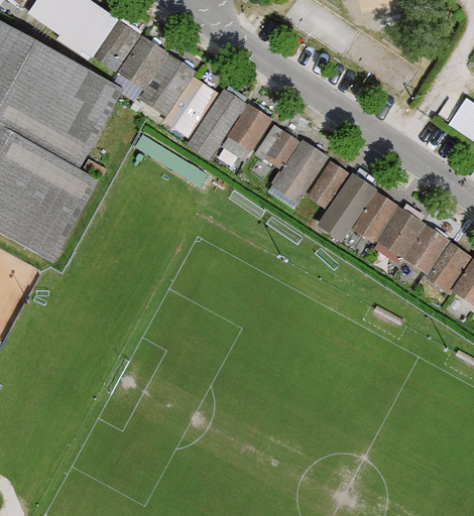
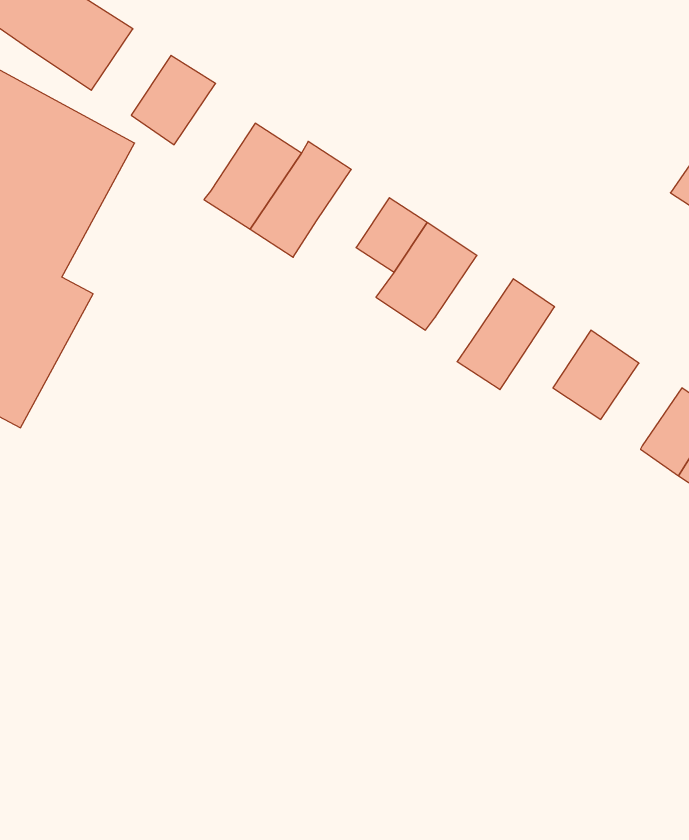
building: [95,20,143,73] -> none
building: [139,53,198,119] -> none
building: [232,106,277,153] -> none
building: [305,158,352,210] -> none
building: [354,189,399,239] -> none
building: [405,223,455,274] -> none

